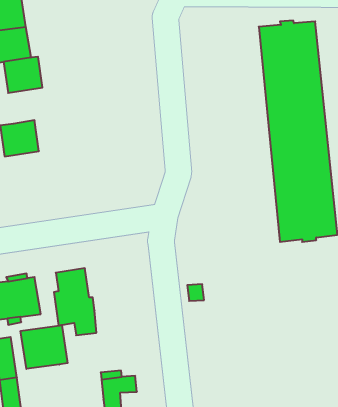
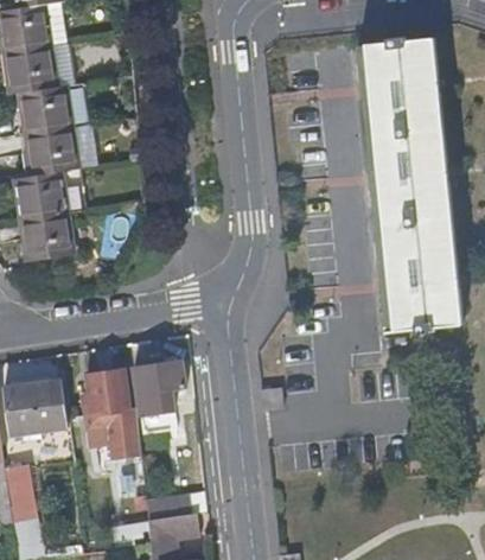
building: none -> [24,126,76,174]
building: none -> [19,211,72,261]
building: none -> [136,361,184,412]
building: [21,325,68,369] -> none

